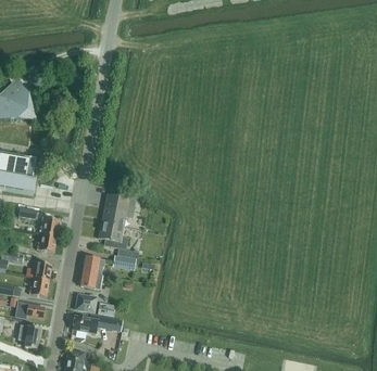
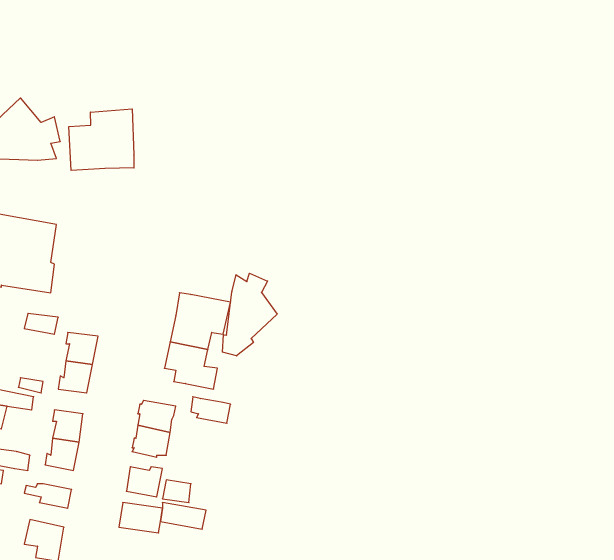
building: none -> [69,109,134,170]
building: none -> [222,273,277,356]

